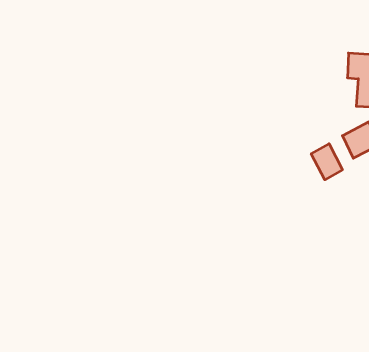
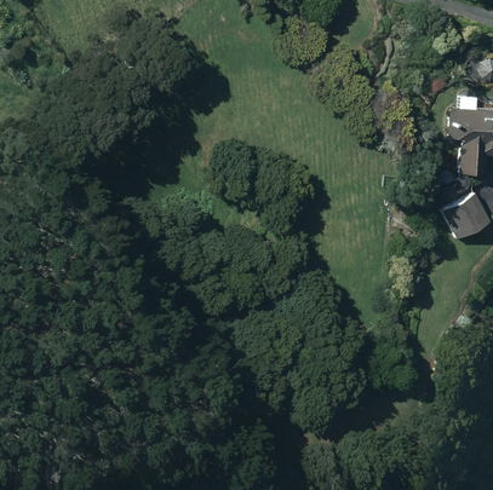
building: [311,144,342,180] -> none

